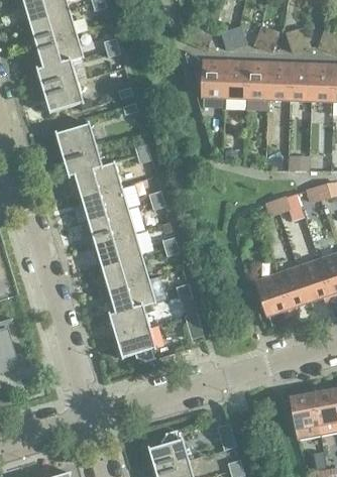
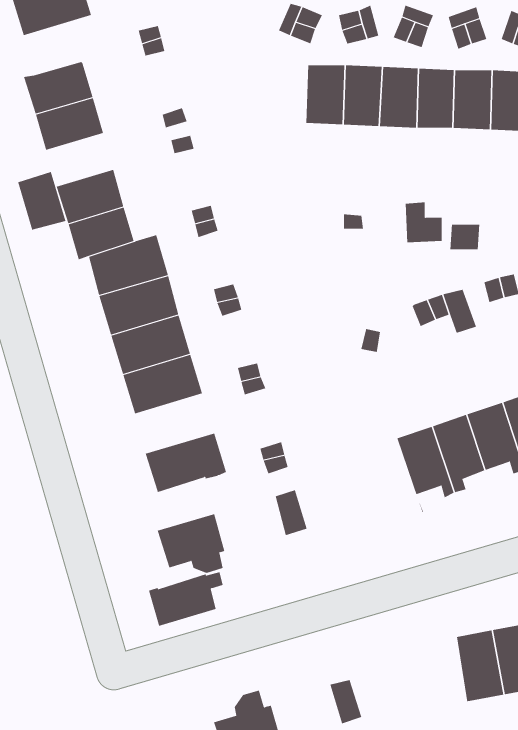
building: [36,32,84,68] -> none
building: none -> [17,171,66,231]
building: [102,255,149,290] -> none
building: [109,304,153,336] -> [148,572,223,626]

